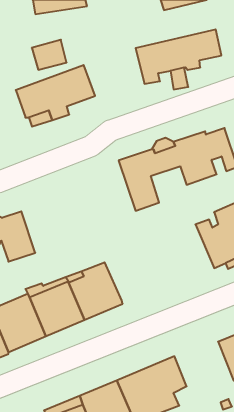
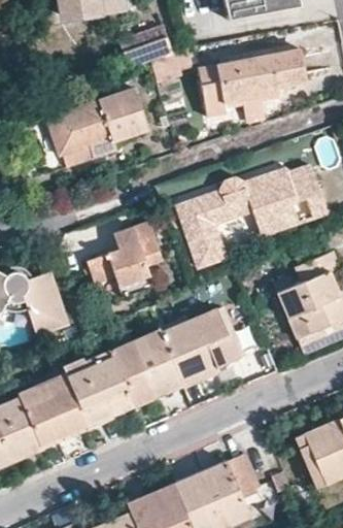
building: [32,40,67,70] -> [127,29,171,67]
building: none -> [84,221,162,298]
building: none -> [158,309,237,385]

